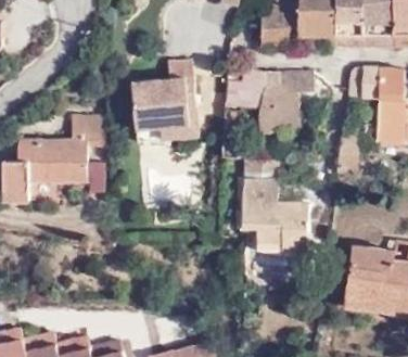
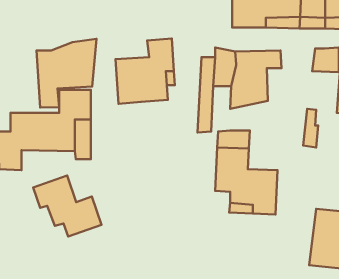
building: none -> [36,39,96,108]
building: none -> [33,176,101,236]

